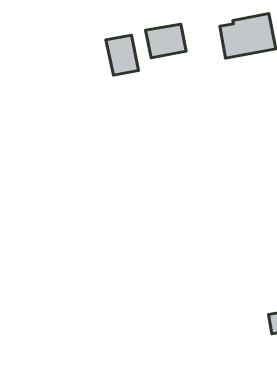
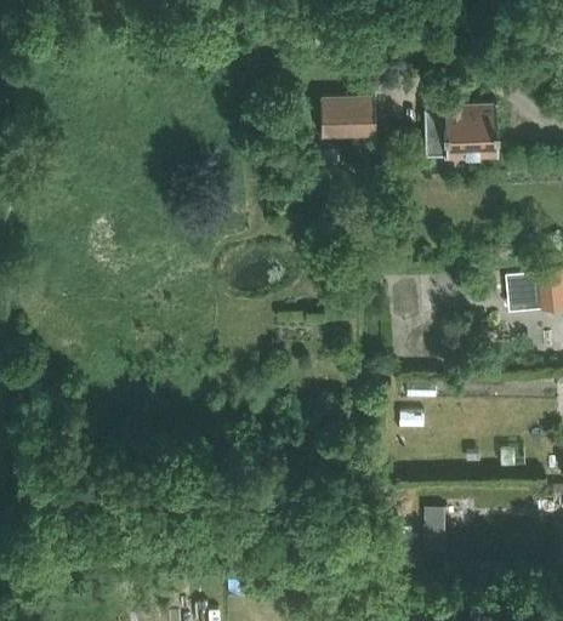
building: [106,35,139,75] -> none

